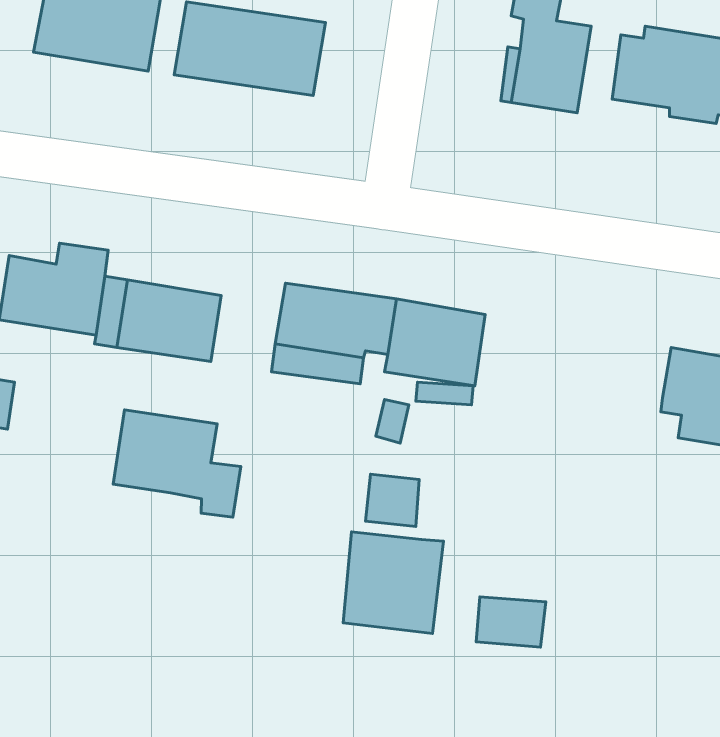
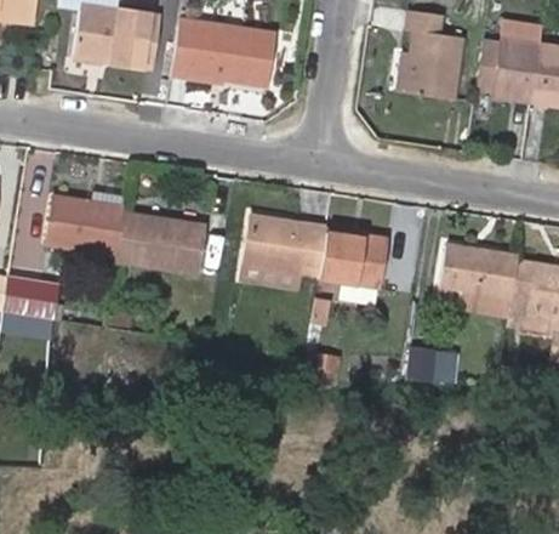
building: none -> [440,243,518,296]
building: [113,410,241,517] -> none
building: [343,532,443,634] -> none
building: [476,597,546,647] -> [409,347,457,382]

